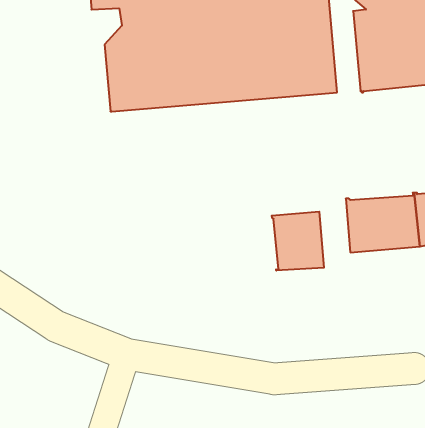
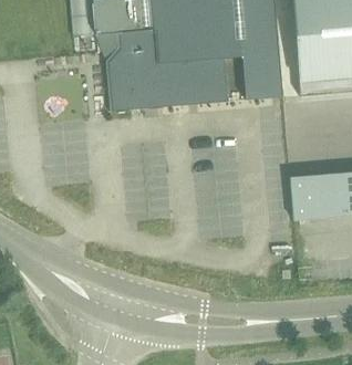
building: [272,212,324,271] -> none

